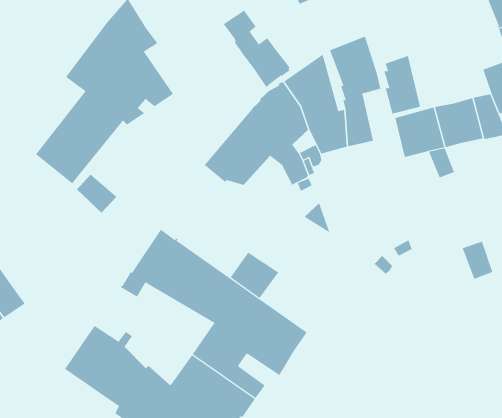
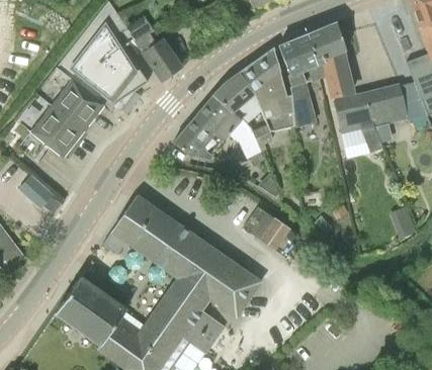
building: [223,10,290,88] -> [124,15,181,81]
building: none -> [308,22,344,78]
building: [76,174,117,214] -> [18,175,53,208]
building: [230,252,279,299] -> [249,212,290,252]

